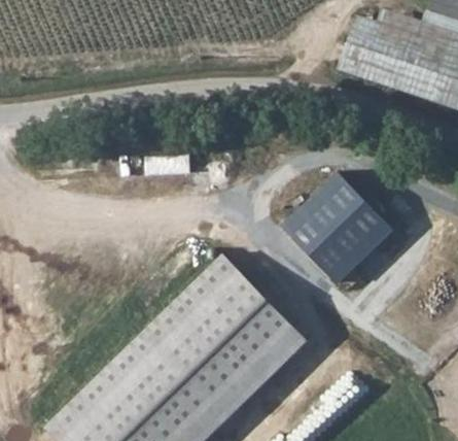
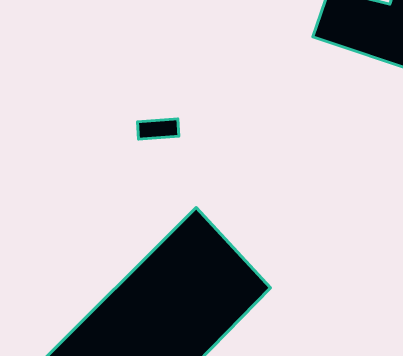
building: [282,173,394,286] -> none

